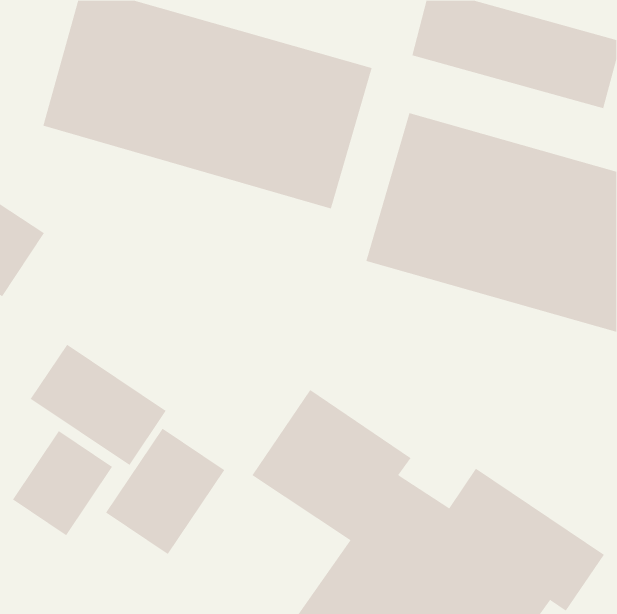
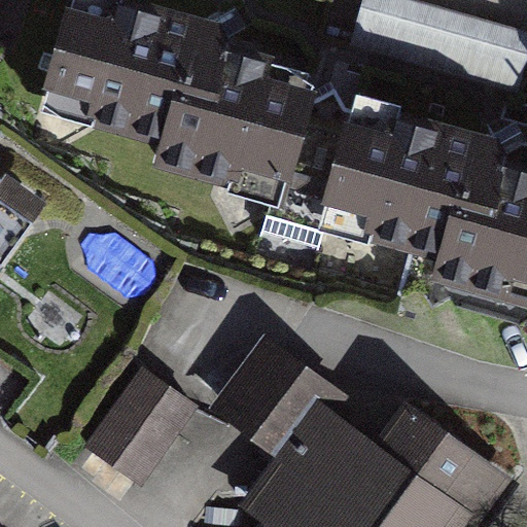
building: [30,344,167,466] -> none
building: [12,430,113,536] -> none

